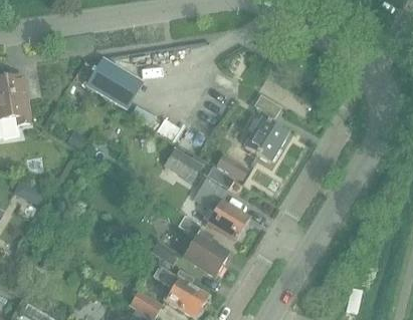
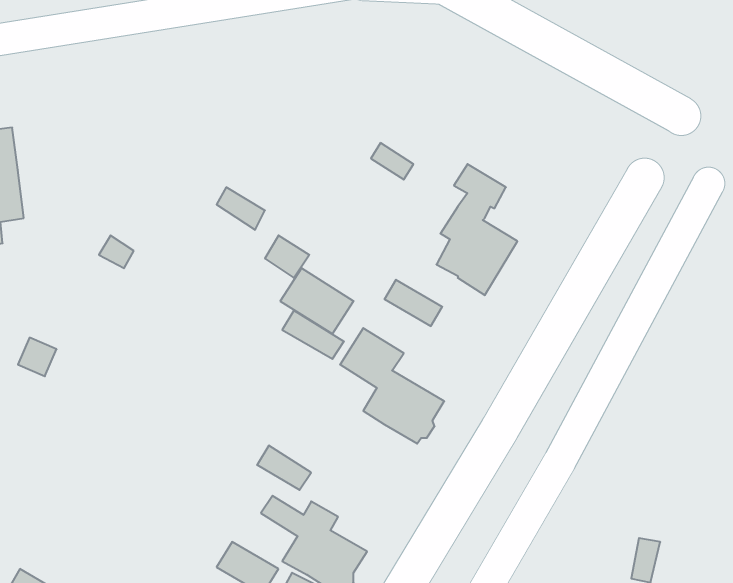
building: [84,56,143,108] -> none
building: [178,216,228,276] -> none

